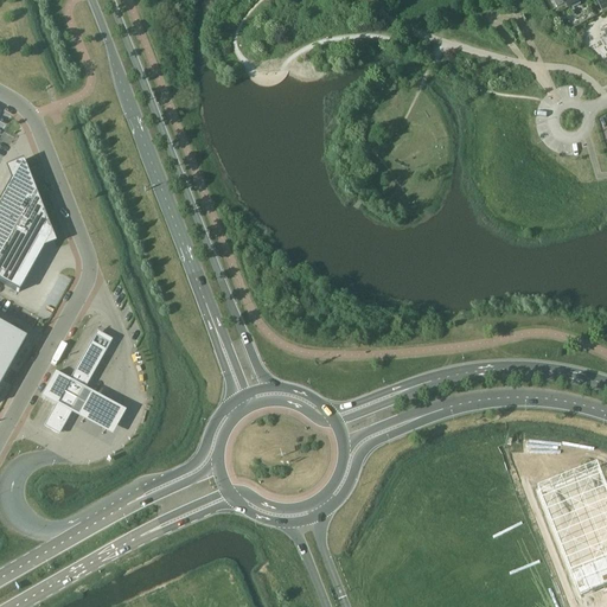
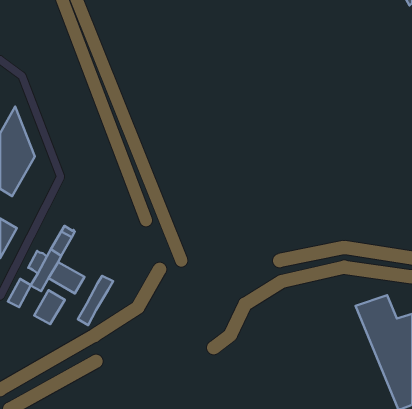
building: none -> [78,276,113,325]
building: none -> [8,279,31,307]
building: none -> [34,290,65,324]

